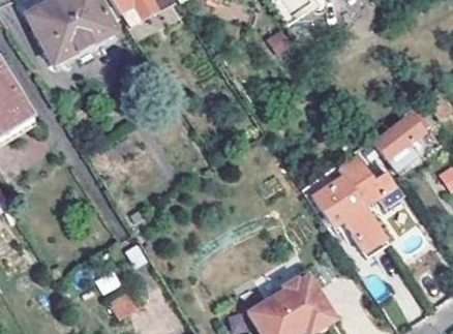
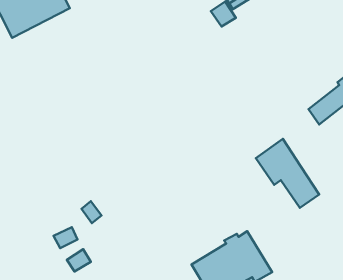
building: [338,151,401,202] -> none

